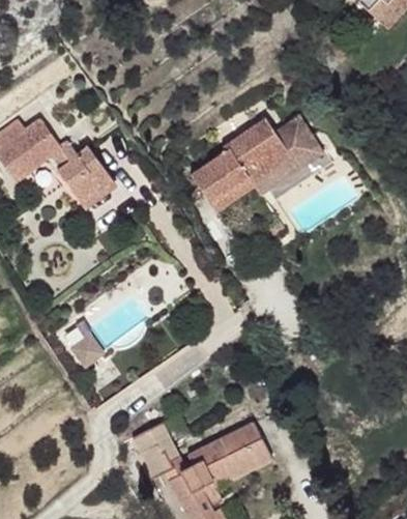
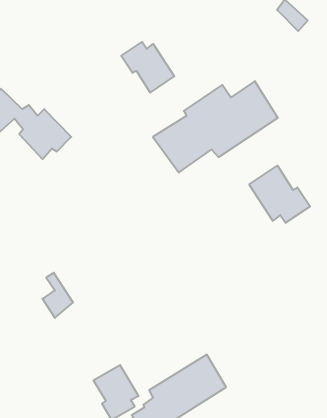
building: none -> [121,42,174,93]
building: none -> [249,166,310,223]

